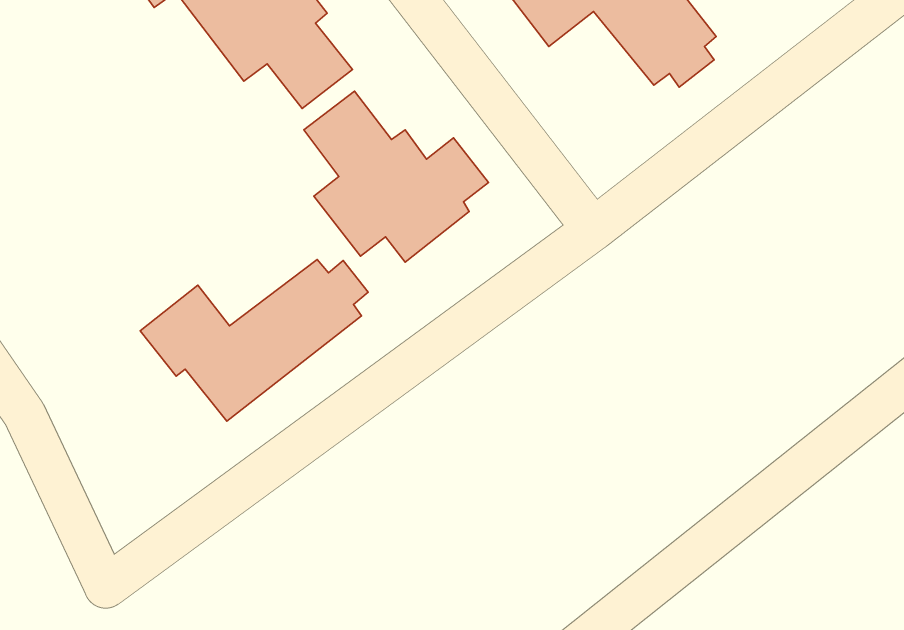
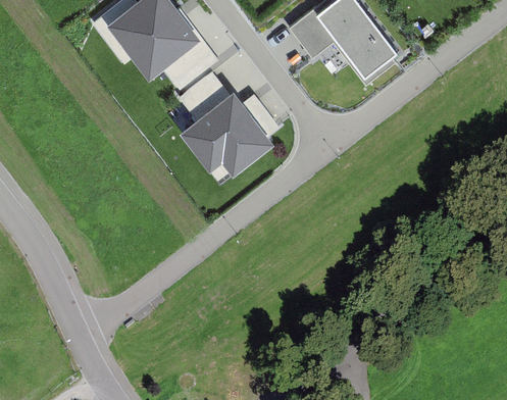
building: [140,259,368,421] -> none

